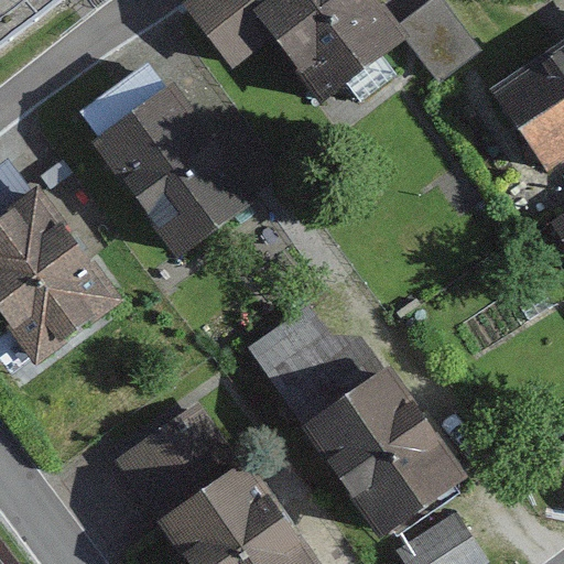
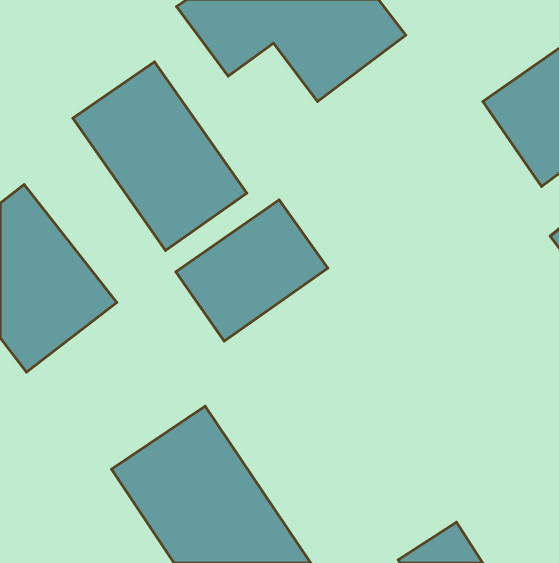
building: none -> [176,200,328,341]
building: [257,310,469,542] -> none

